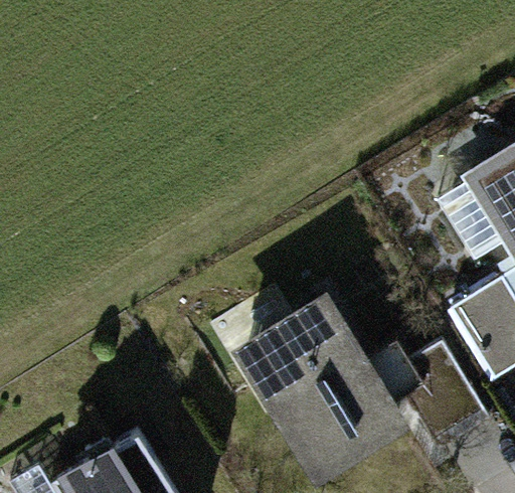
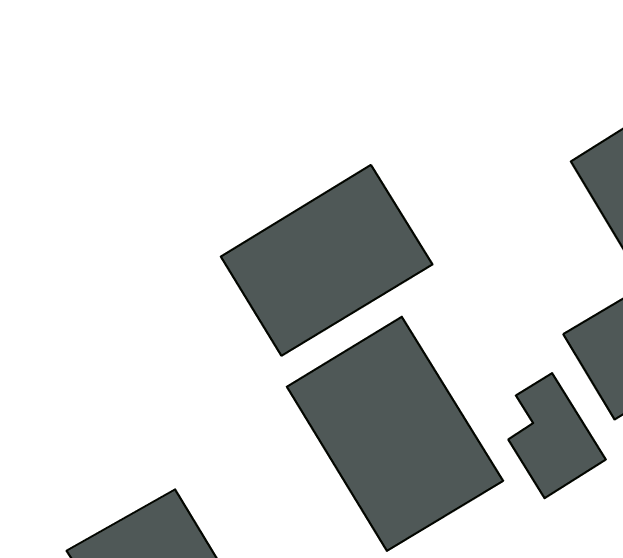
building: none -> [221,165,432,356]

